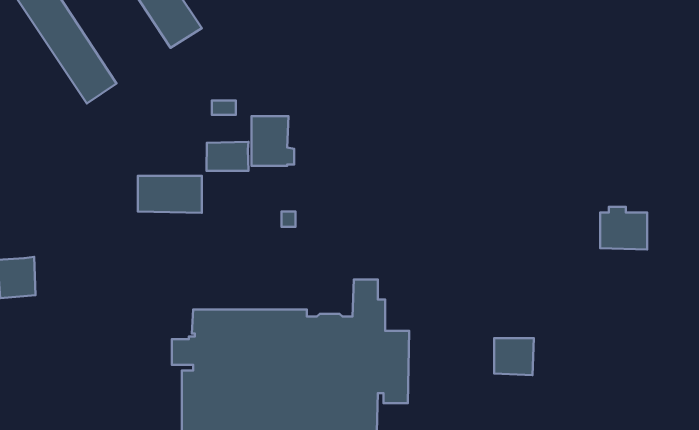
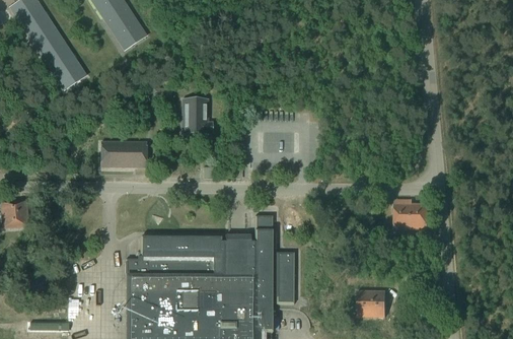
building: [207,142,249,171] -> none
building: [600,207,647,250] -> [393,199,427,229]
building: [494,338,534,375] -> [357,290,385,317]

